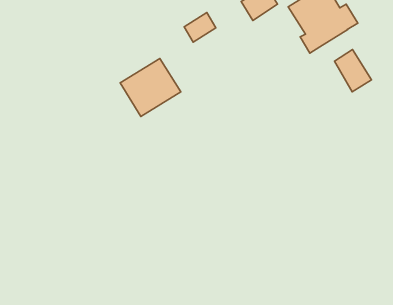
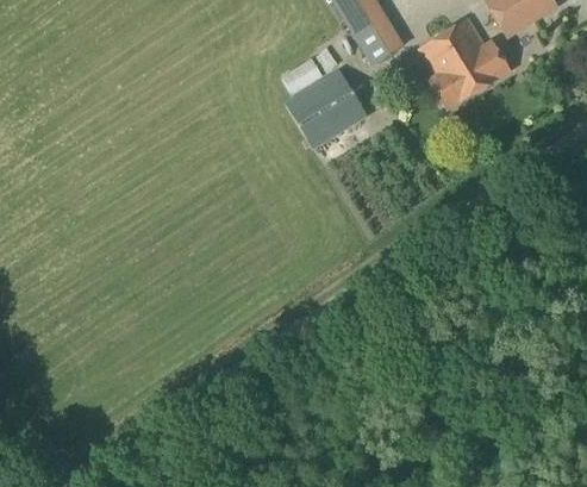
building: [334,50,372,92] -> none
building: [120,58,181,116] -> [287,73,367,149]

